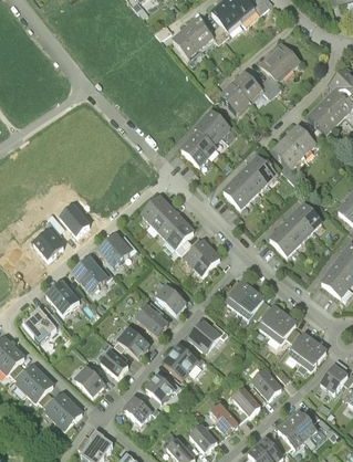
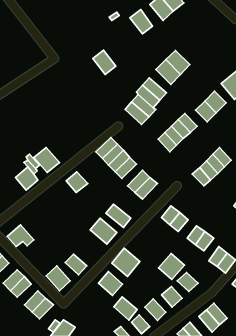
building: [170,31,201,63] -> [93,50,116,74]
building: [259,42,301,84] -> none
building: [72,256,106,287] -> none
building: [42,277,77,312] -> none
building: [186,315,220,349] -> [159,254,184,279]
building: [114,321,149,354] -> none
building: [121,390,152,421] -> [114,297,137,320]

